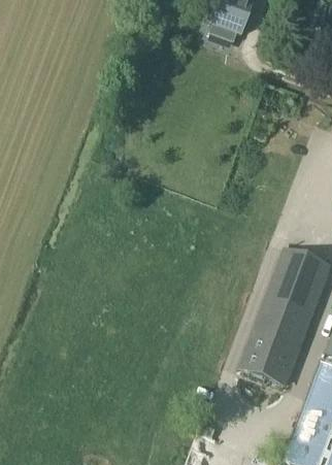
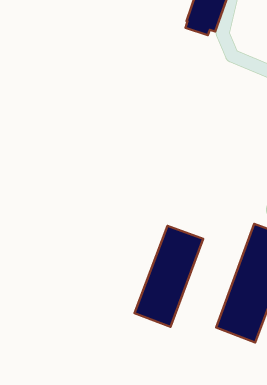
building: none -> [134,226,203,327]

